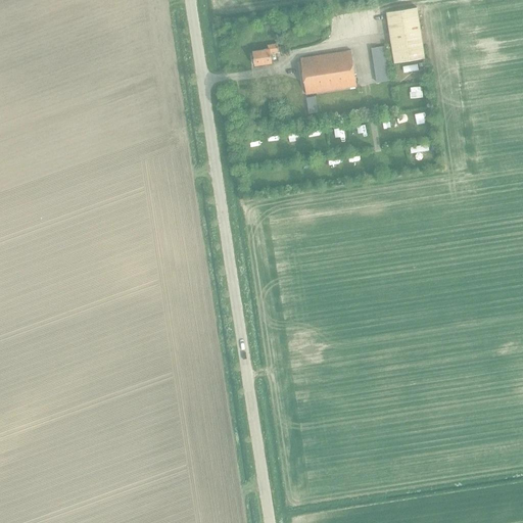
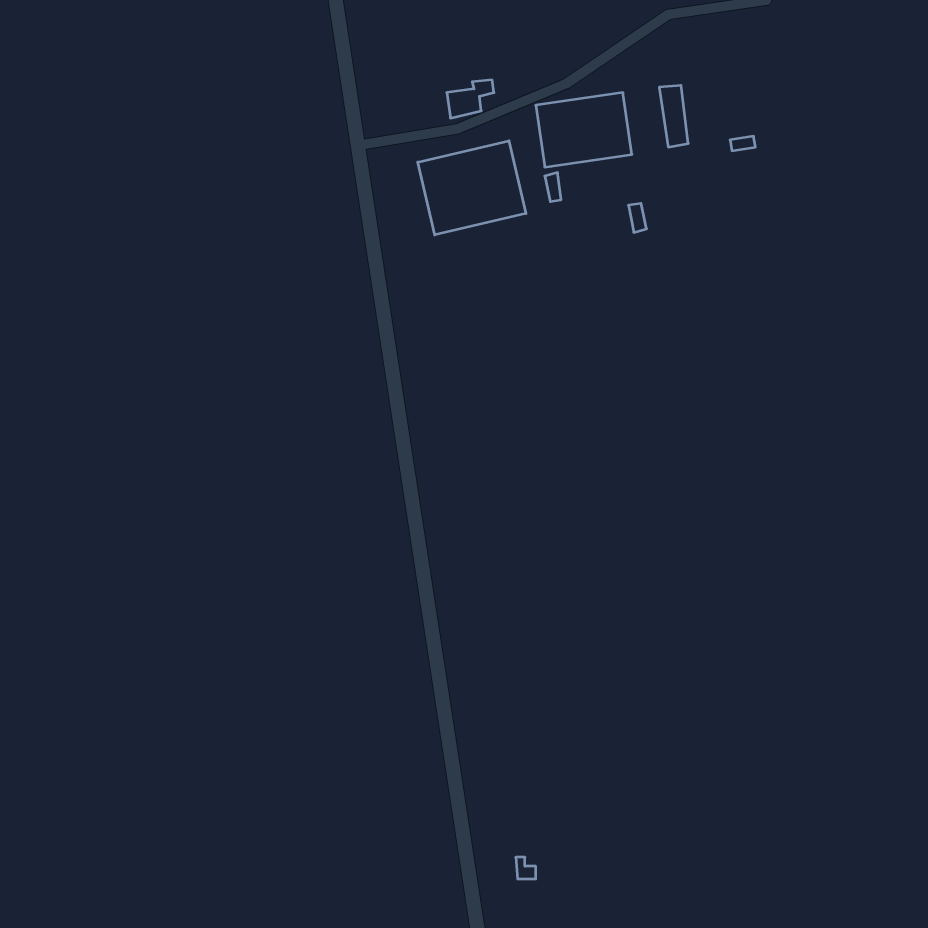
building: [385,8,423,63] -> none
building: none -> [418,141,526,235]

